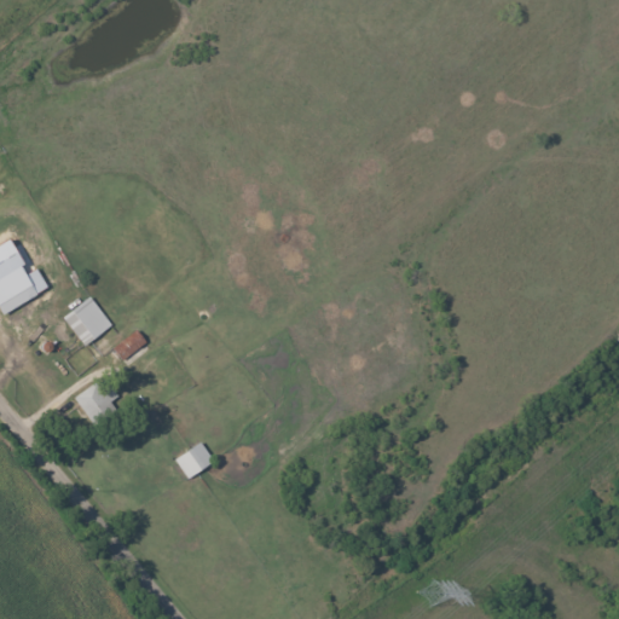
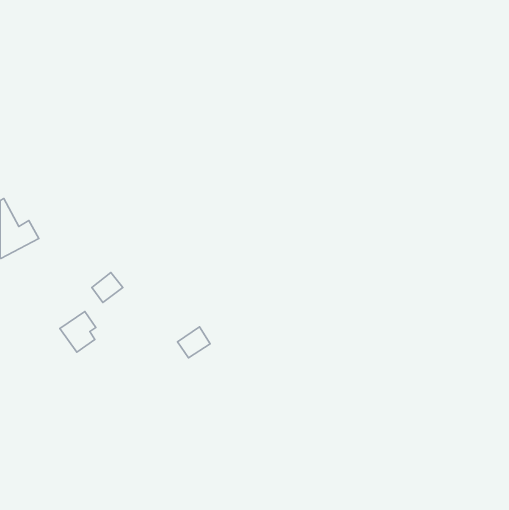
building: [63,296,111,346] -> none
building: [174,441,214,479] -> [177,327,210,358]

